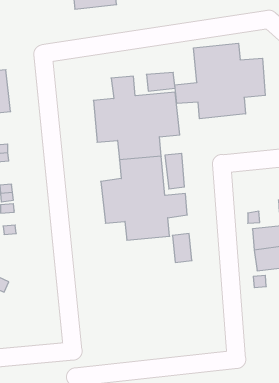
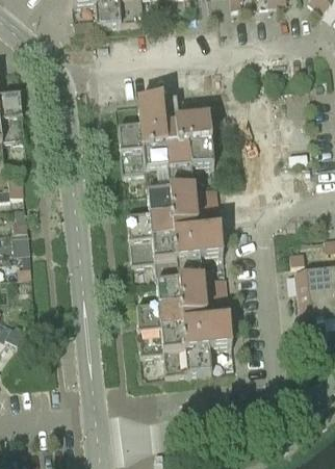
building: [175,43,265,119] -> none
building: none -> [135,279,232,374]

